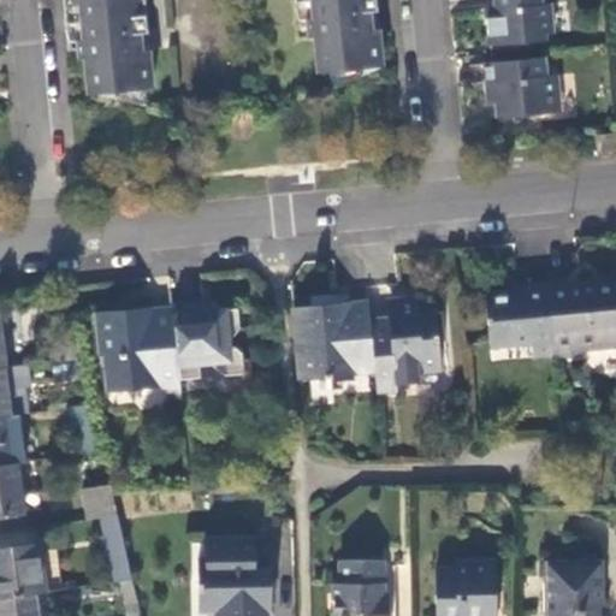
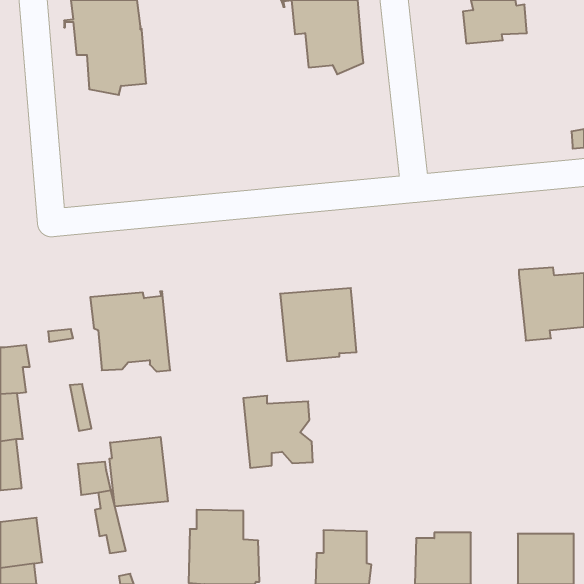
building: [486,60,561,123] -> none
building: [485,289,553,362] -> none
building: [371,298,440,393] -> none
building: [171,304,244,380] -> [243,396,313,468]
building: none -> [109,437,168,507]

